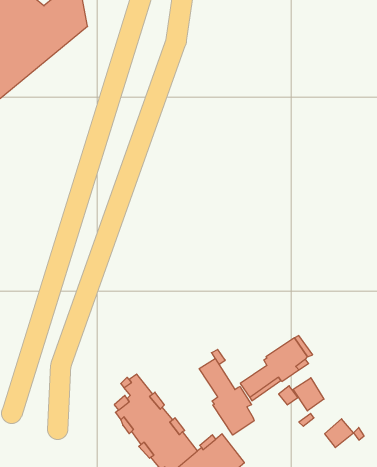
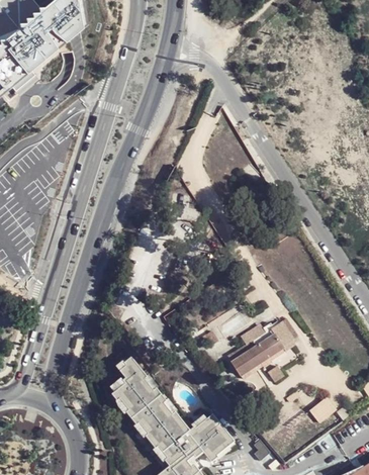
building: [199,358,254,435] -> none
building: [293,378,324,411] -> none

